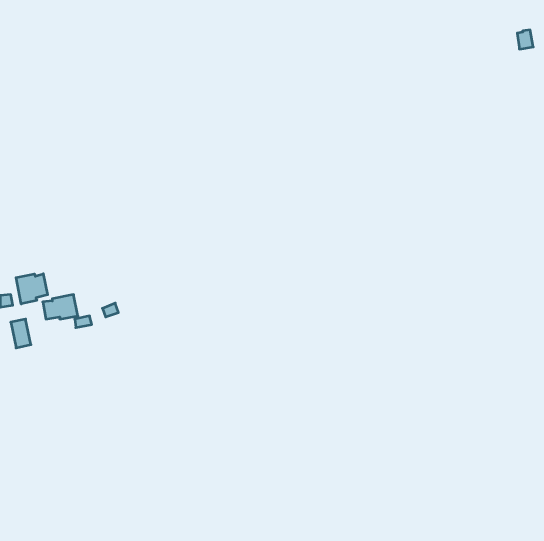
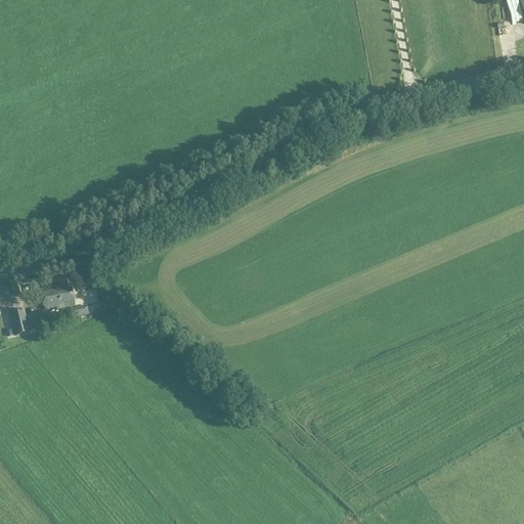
building: [16,274,48,304] -> none

